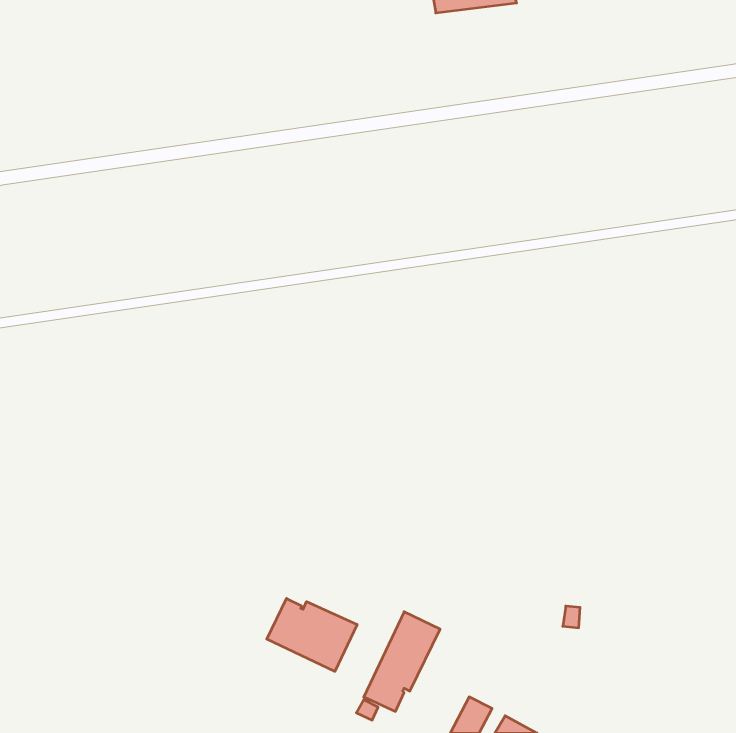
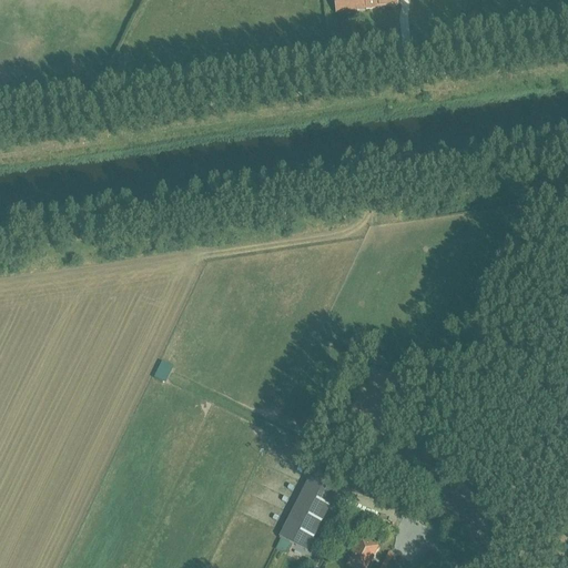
building: [267,598,357,671] -> none

